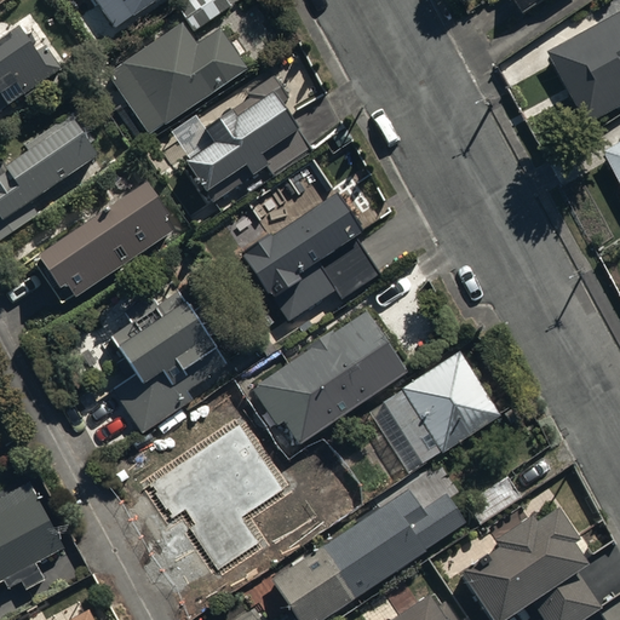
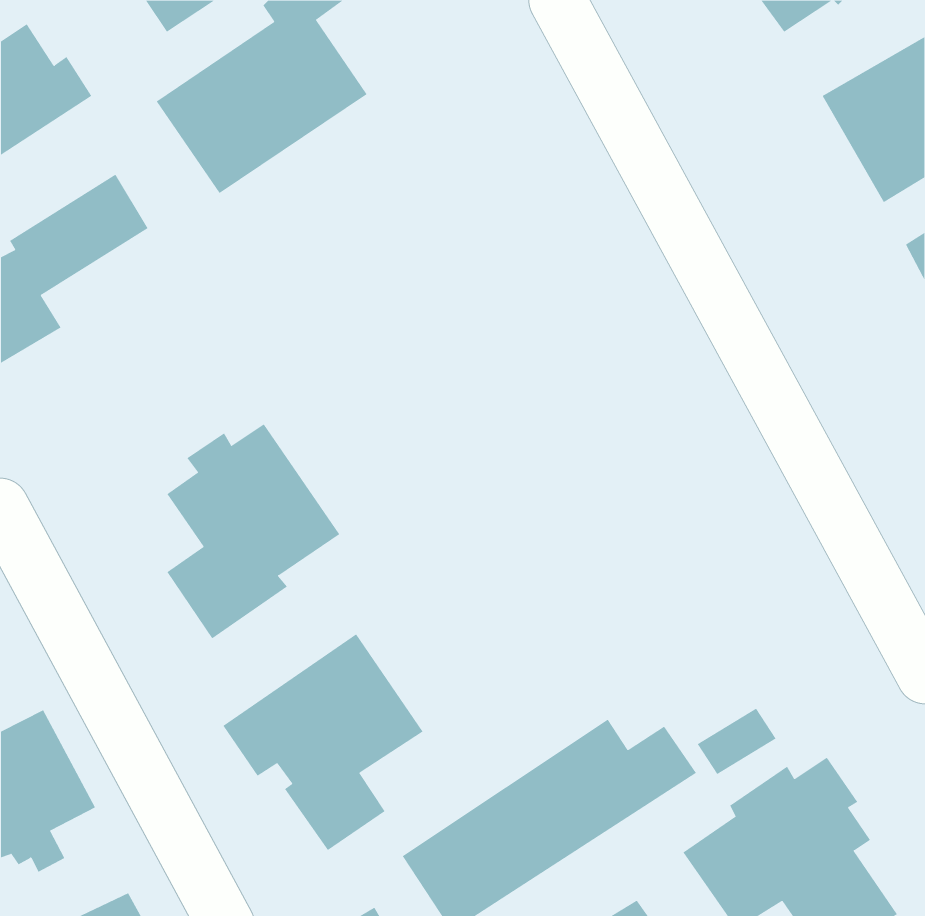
building: [172,94,297,218] -> none
building: [34,176,177,304] -> none
building: [241,186,379,321] -> none
building: [251,310,406,443] -> none
building: [367,350,500,475] -> none

